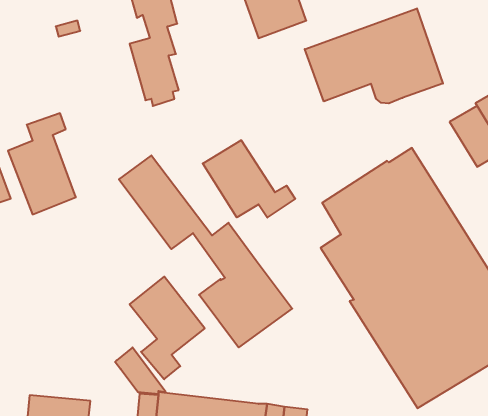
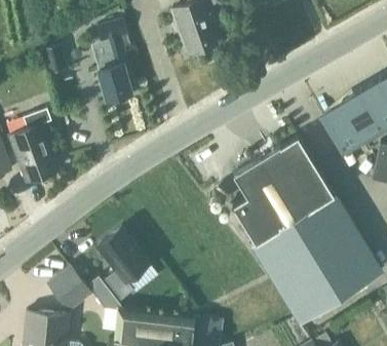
building: [305,8,443,103] -> none
building: [203,140,295,218] -> none
building: [119,155,292,347] -> none
building: none -> [47,267,90,311]

